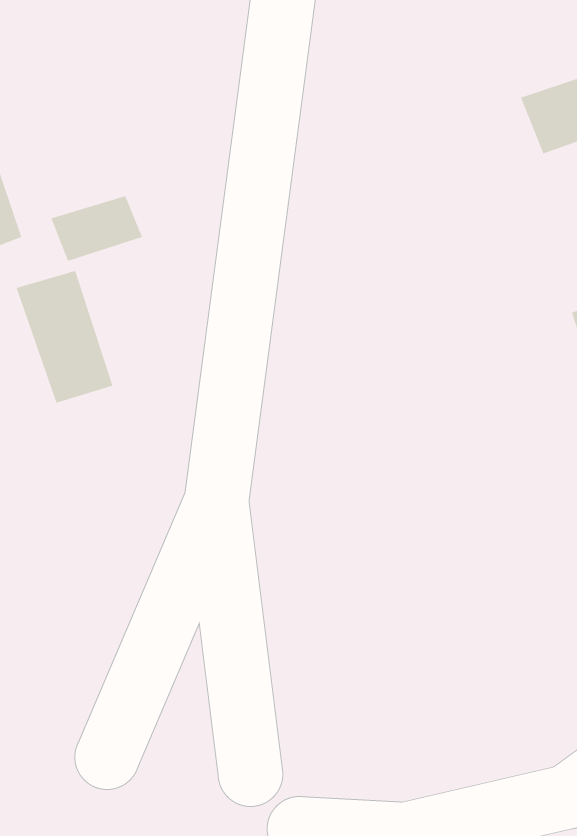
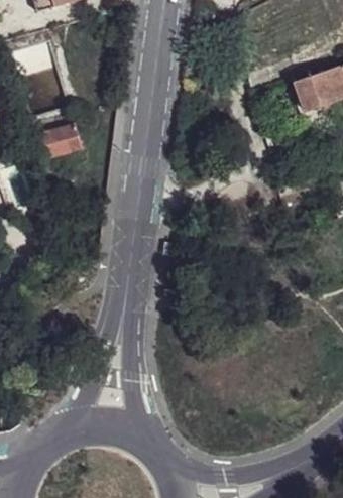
building: [16,270,113,404] -> none

